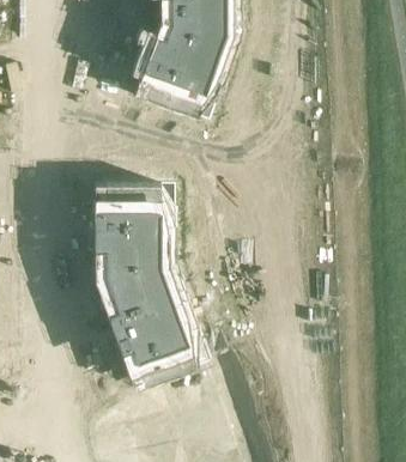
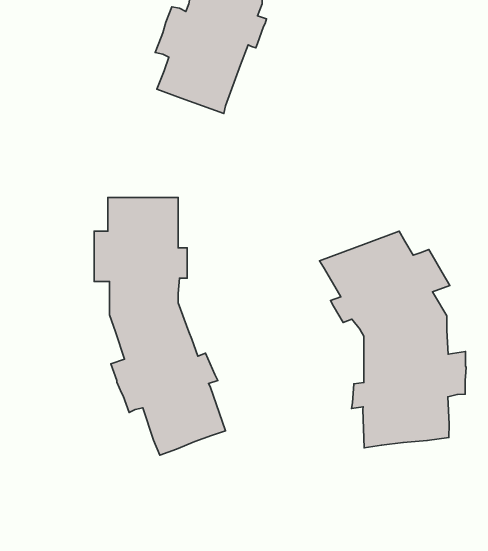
building: none -> [320,231,466,448]

